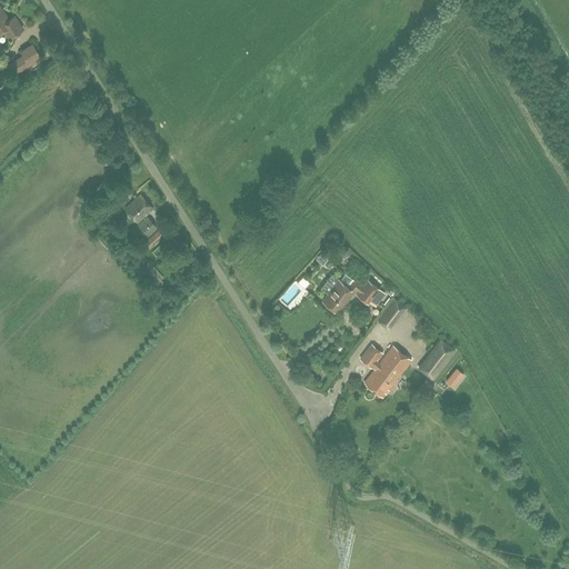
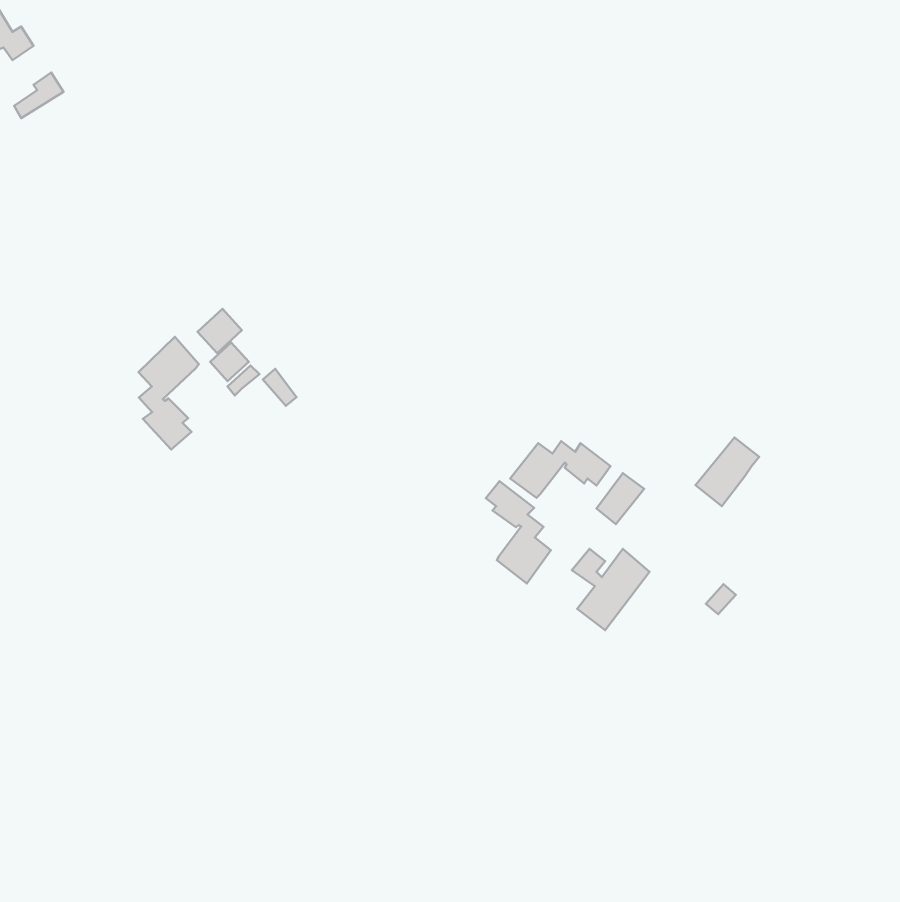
building: none -> [139,337,199,450]
building: none -> [486,481,551,584]
building: [416,338,456,381] -> [696,437,759,506]

